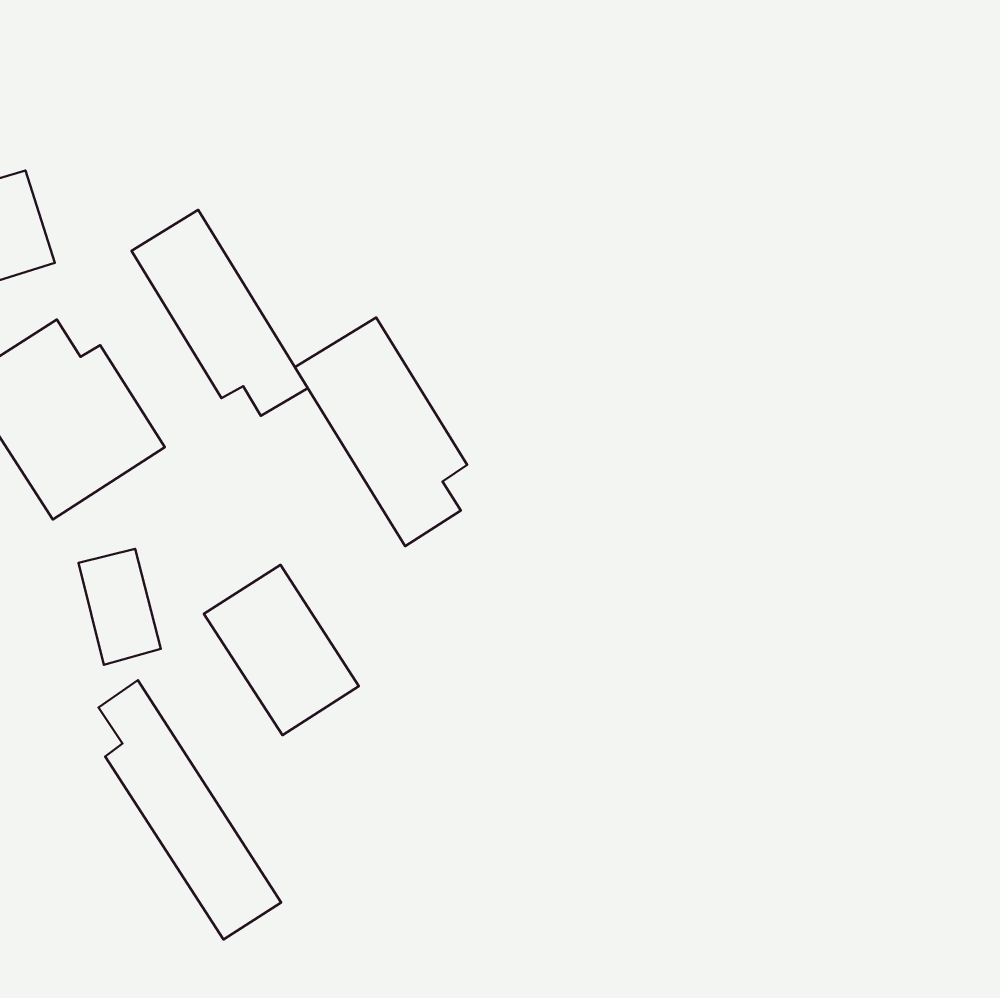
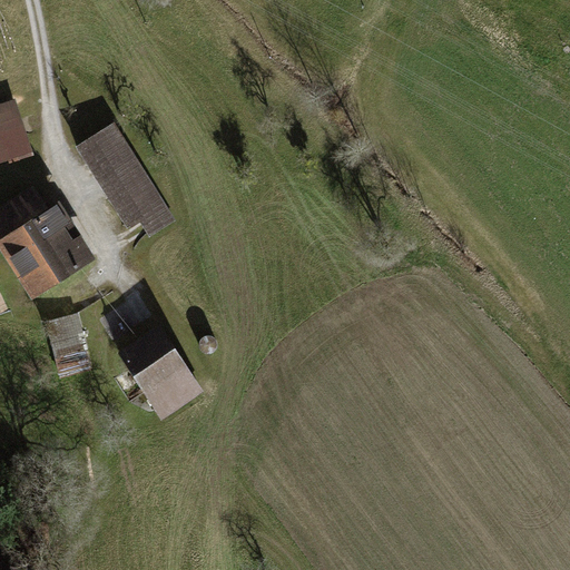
building: [295,318,467,546] -> none
building: [99,680,281,939] -> none

